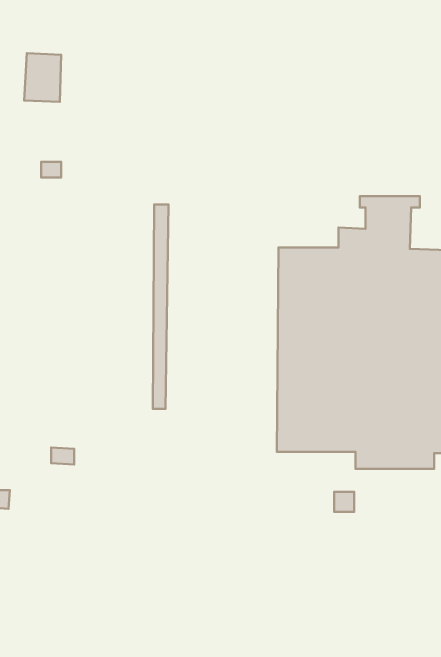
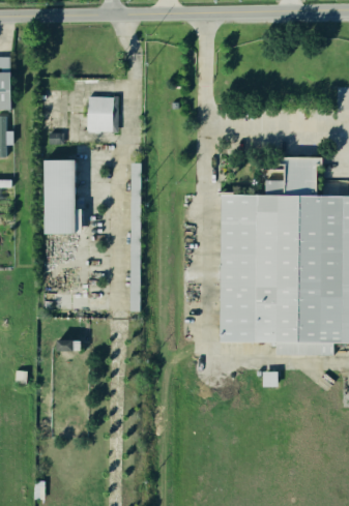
building: [24,53,61,102] -> [85,96,112,131]
building: none -> [43,160,75,234]

